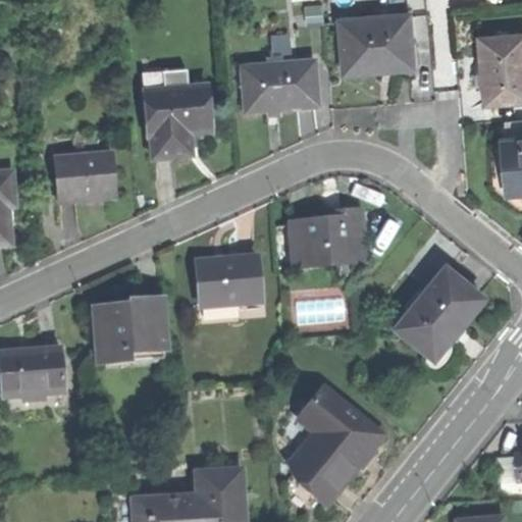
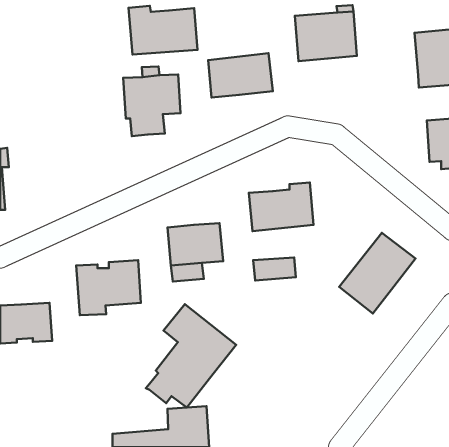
building: none -> [128,6,197,54]
building: [55,151,117,200] -> none
building: [280,385,384,505] -> [146,304,236,408]

